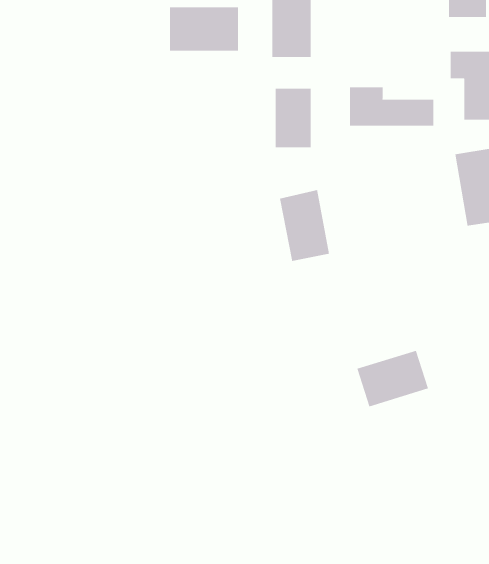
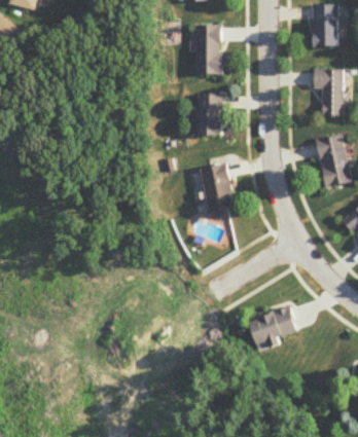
building: [169,6,238,51] -> none
building: [349,87,434,126] -> none
building: [357,350,429,407] -> [251,308,299,347]

